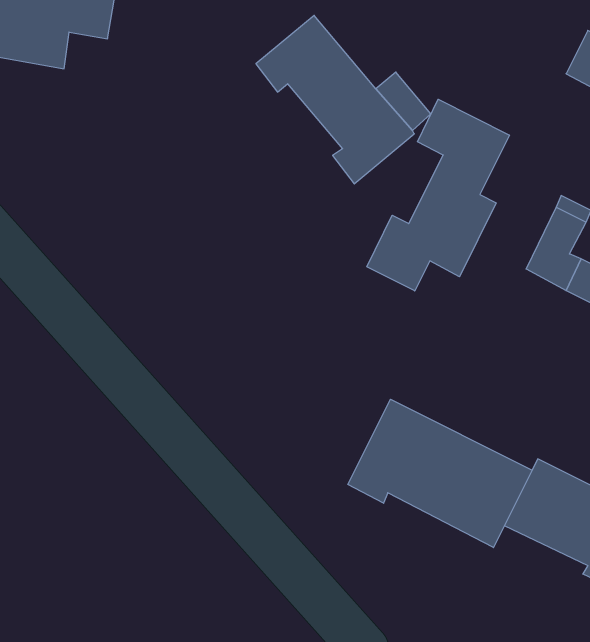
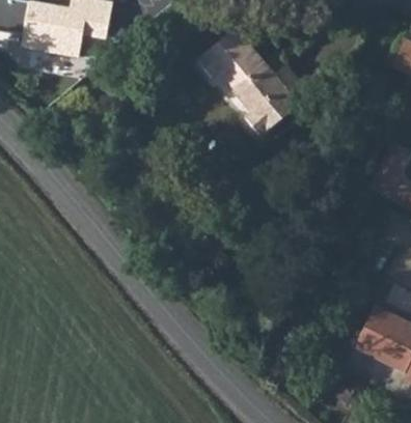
building: [367,99,509,291] -> none
building: [348,399,532,548] -> none

